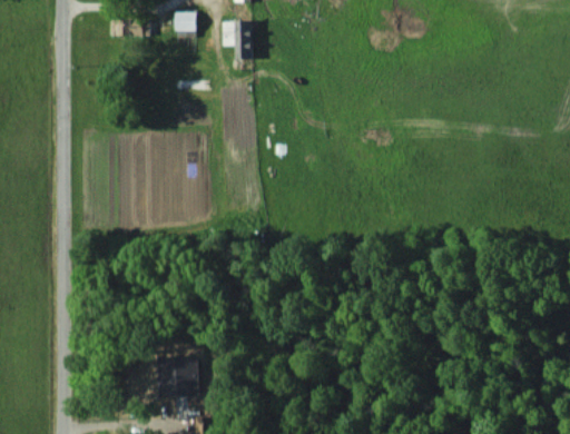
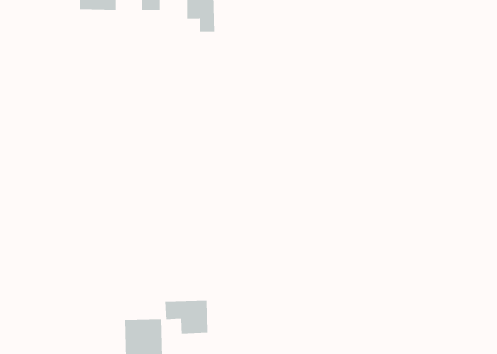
building: none -> [165,300,208,335]

